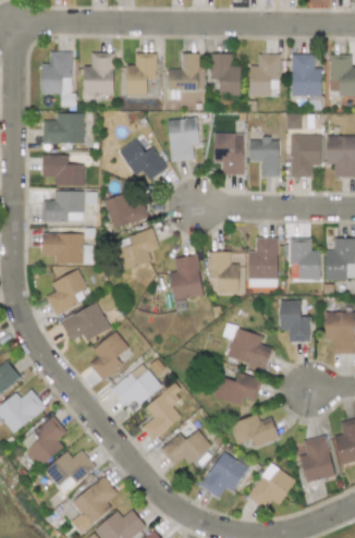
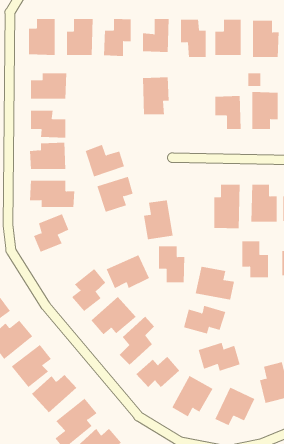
building: [213,133,245,175] -> none
building: [120,139,167,180] -> none
building: [209,252,240,293] -> [158,246,185,283]
building: [61,303,110,341] -> [106,255,150,289]

